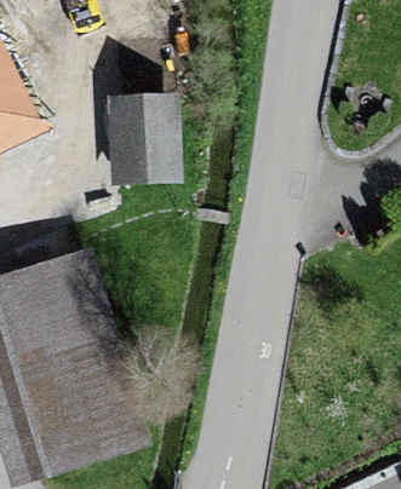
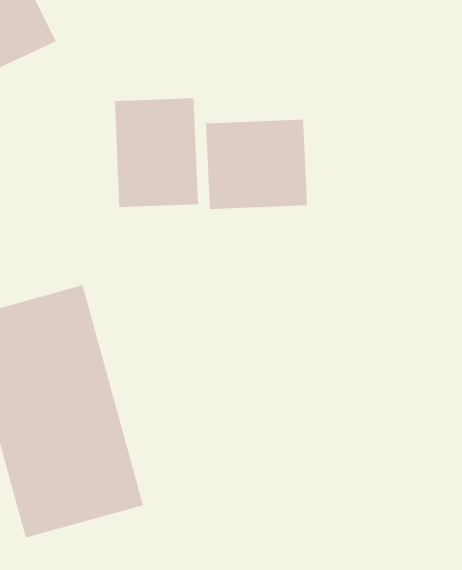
building: none -> [206,119,308,210]

